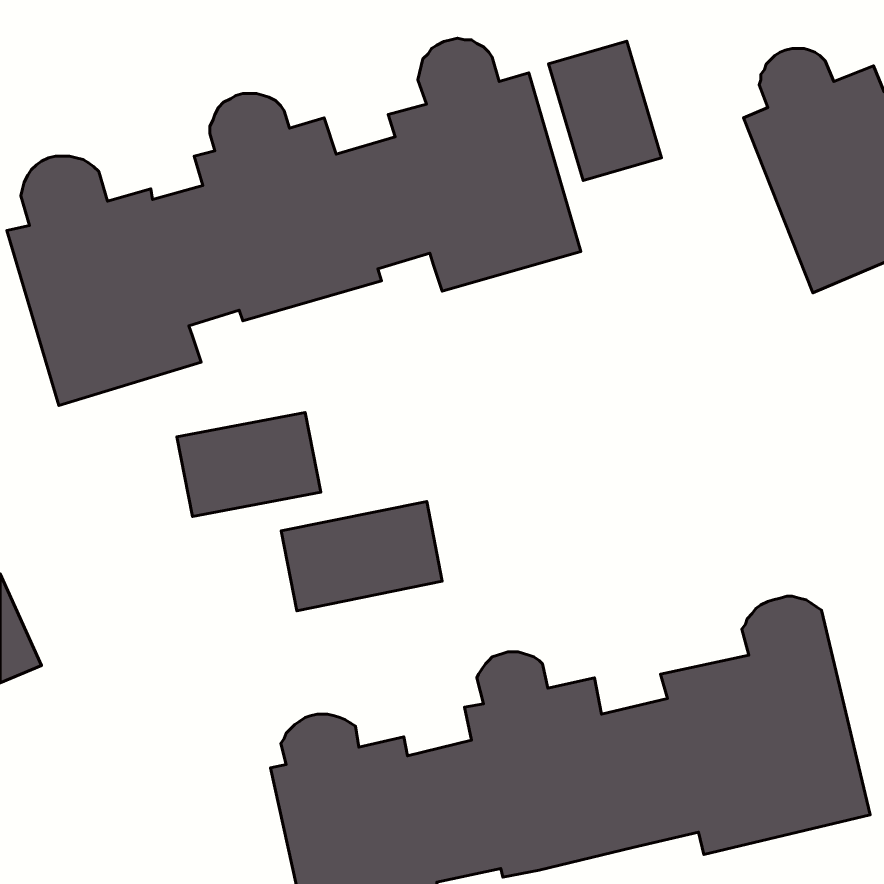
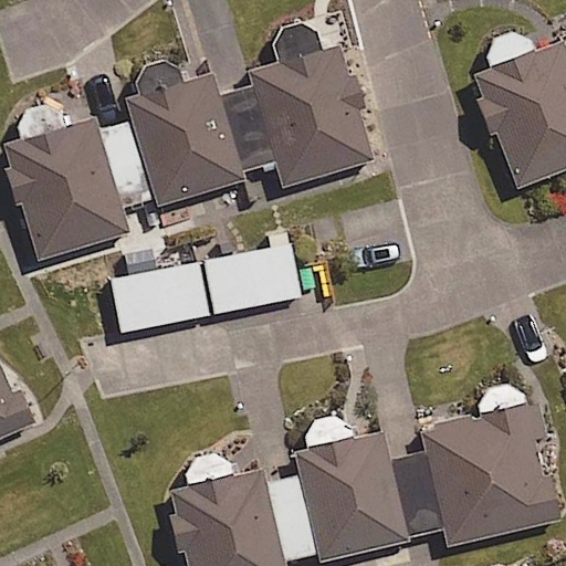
building: [549,41,661,180] -> none
building: [281,502,442,611] -> [196,245,298,315]

